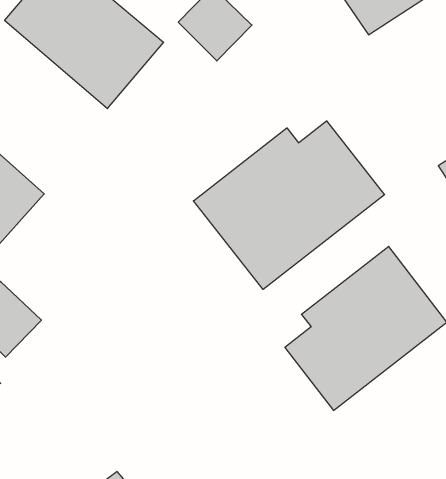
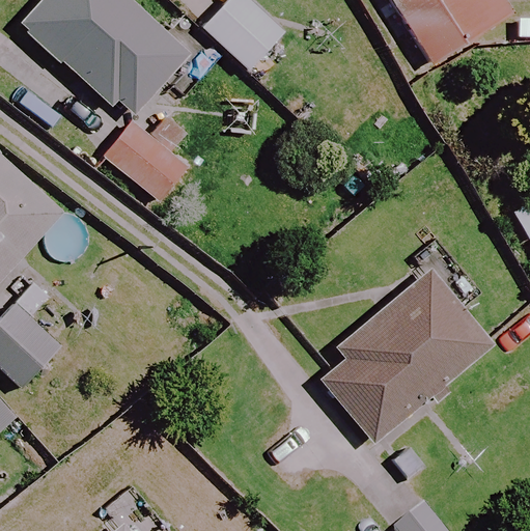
building: none -> [104,120,188,200]
building: [193,121,385,289] -> none

